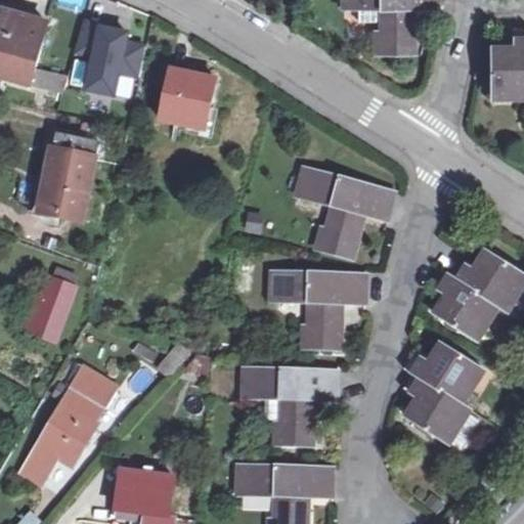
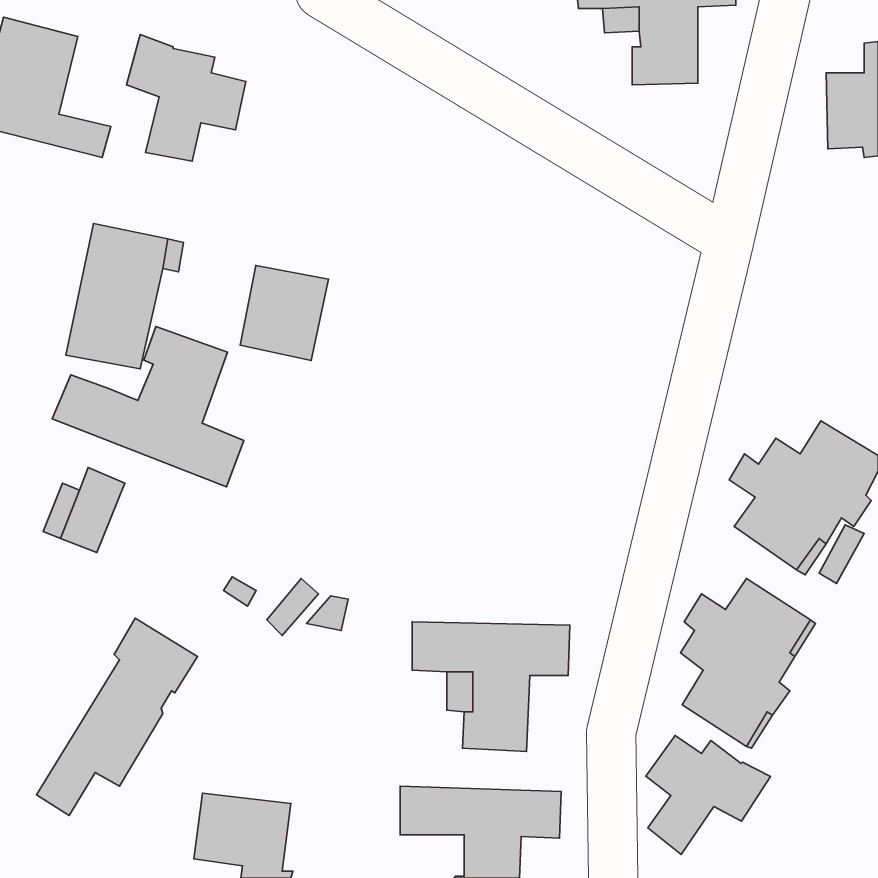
building: [161,71,213,127] -> [240,265,329,361]
building: [296,167,393,257] -> none
building: none -> [52,326,244,487]
building: [270,270,363,347] -> none
building: none -> [646,735,770,855]

